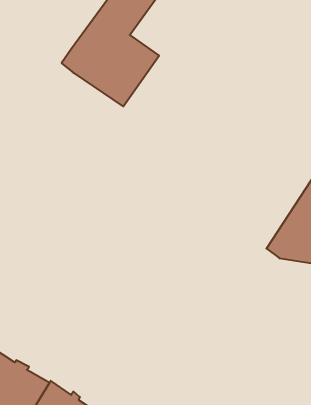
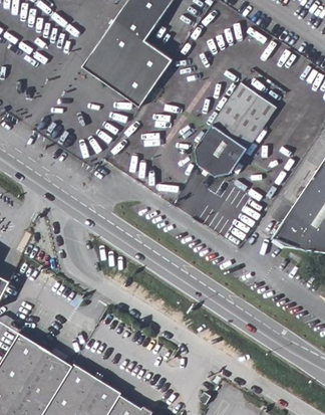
building: none -> [197,83,278,177]

